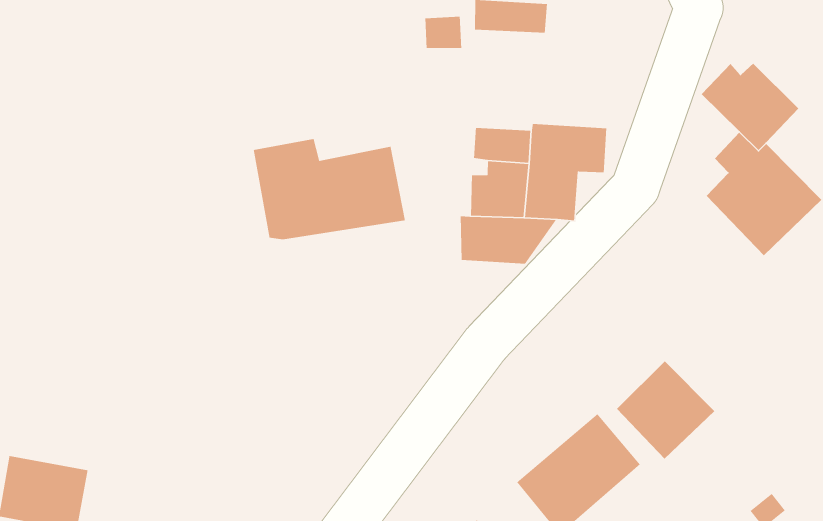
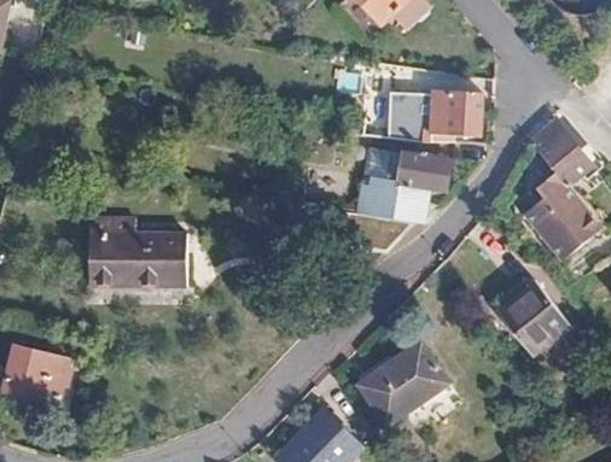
building: none -> [365,72,482,140]
building: [253,138,406,240] -> [80,216,181,285]
building: [616,361,715,459] -> [500,285,569,353]

